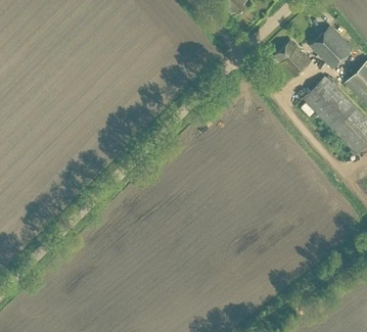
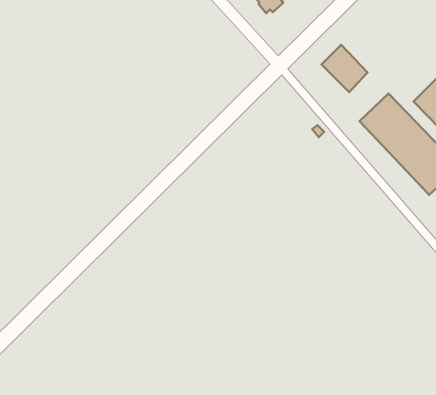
building: [309,26,353,69] -> none

